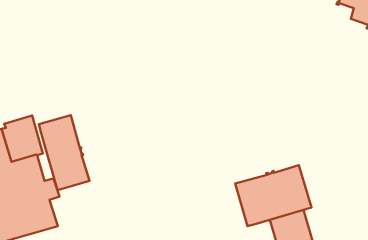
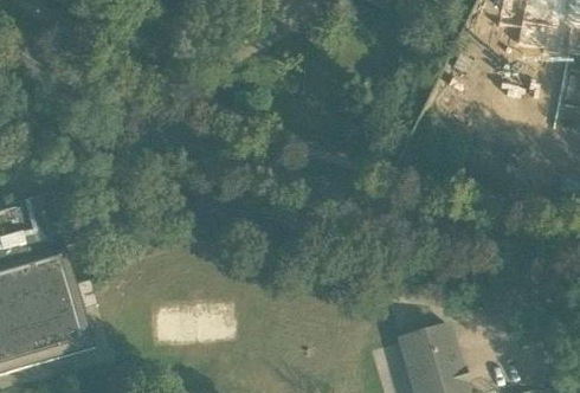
building: [39,115,89,190] -> none
building: [235,165,311,226] -> none

